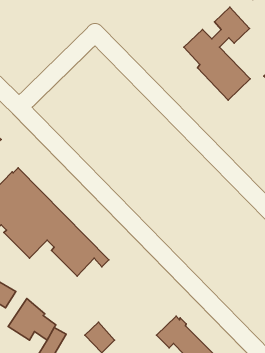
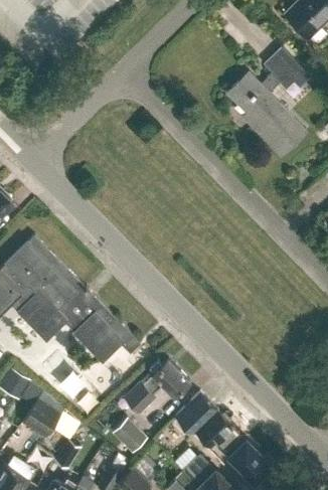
building: none -> [125,359,190,413]
building: none -> [176,392,219,436]

